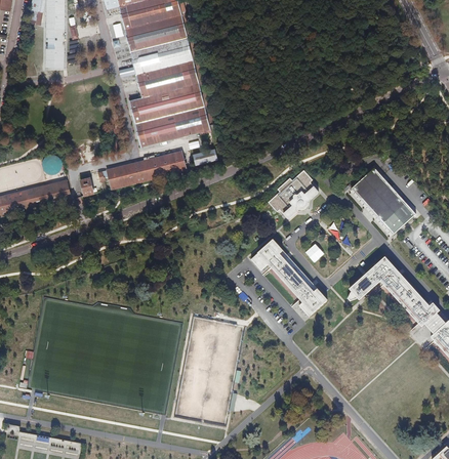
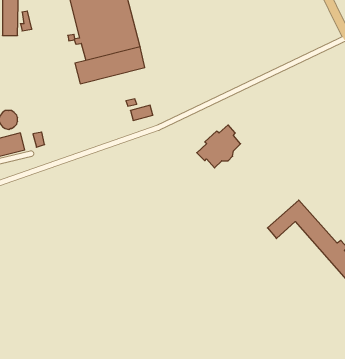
building: [134,105,213,147] -> none
building: [106,150,186,189] -> none
building: [352,168,412,231] -> none
building: [250,239,327,317] -> none

